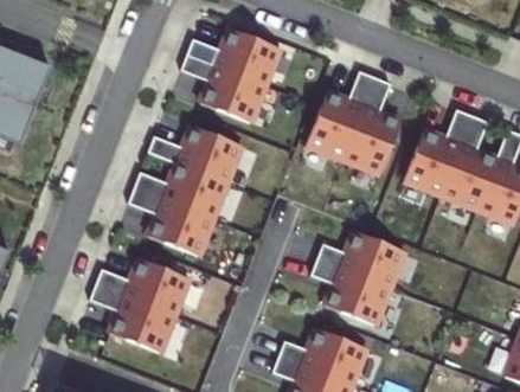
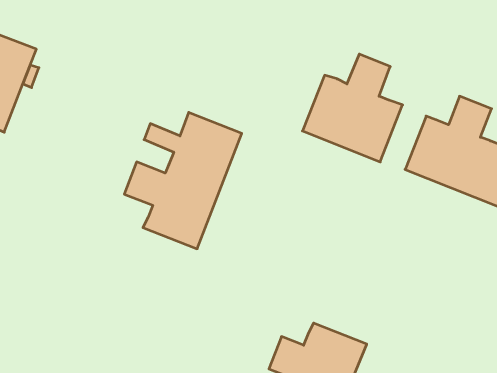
building: [182,27,282,122] -> none
building: [310,231,404,326] -> none
building: [94,259,193,354] -> none

